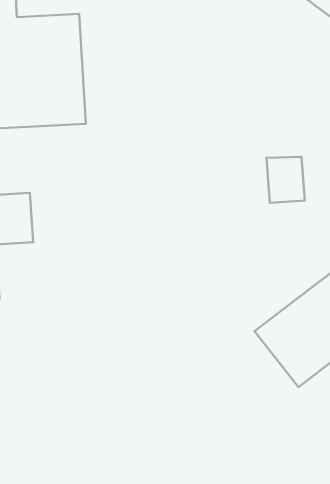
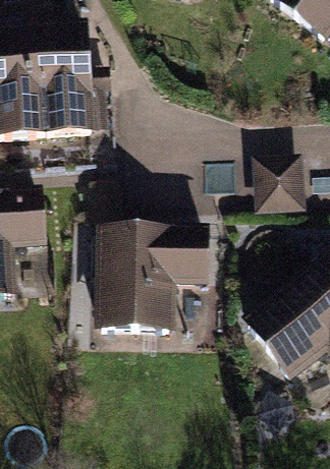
building: none -> [103,233,206,330]

